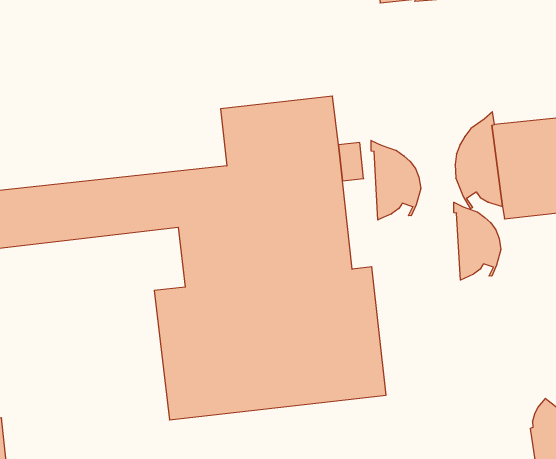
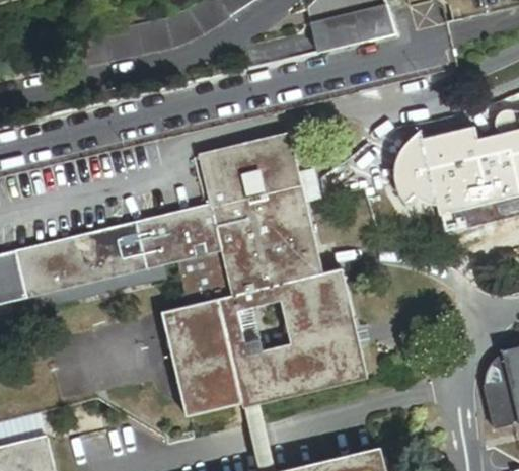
building: [371,140,421,220] -> none
building: [454,202,501,280] -> none

